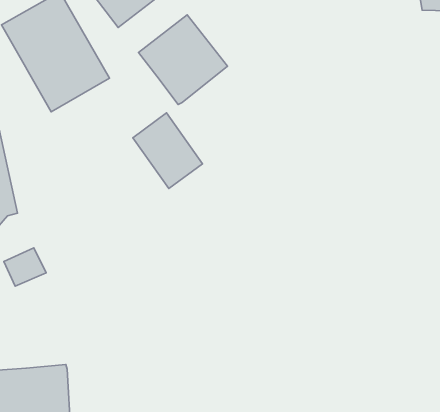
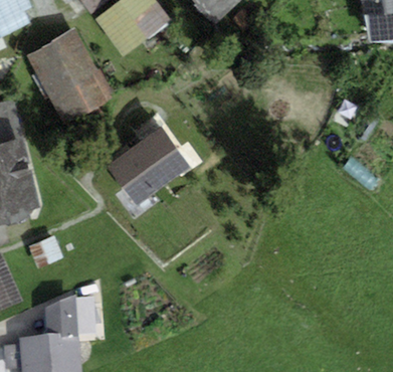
building: [139,15,228,105] -> none
building: none -> [106,146,162,206]
building: none -> [45,291,93,334]

